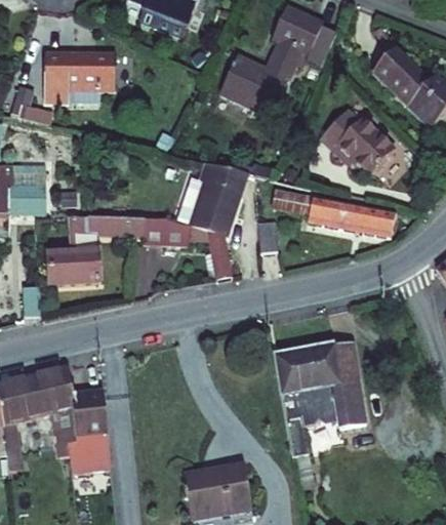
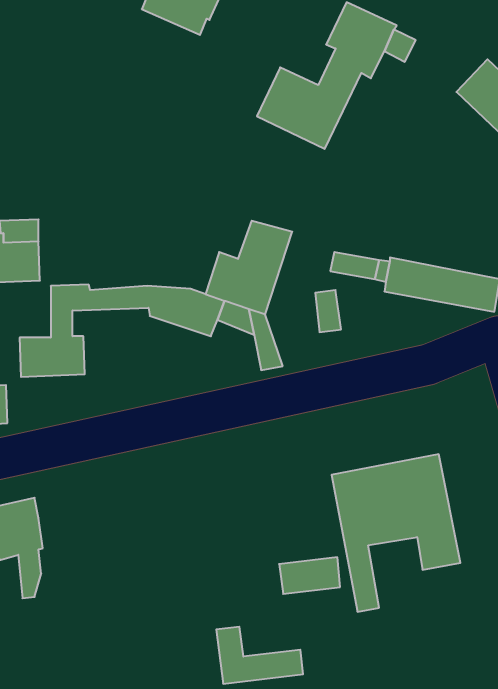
building: [37,46,112,98] -> none
building: [324,112,395,170] -> none
building: [51,389,96,471] -> none
building: [206,469,252,496] -> [279,557,340,594]

